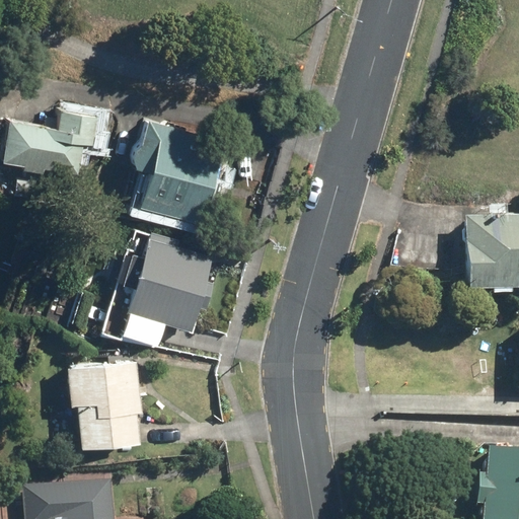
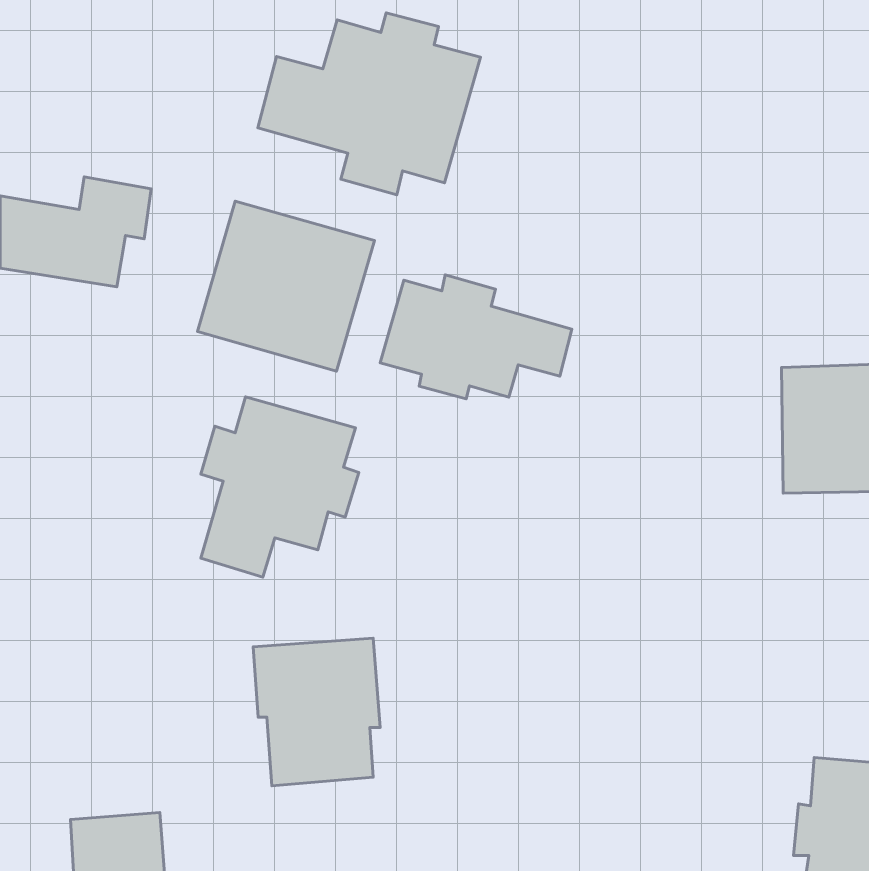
building: none -> [258,13,481,195]
building: none -> [380,275,572,399]
building: [68,361,143,448] -> [253,638,380,786]

